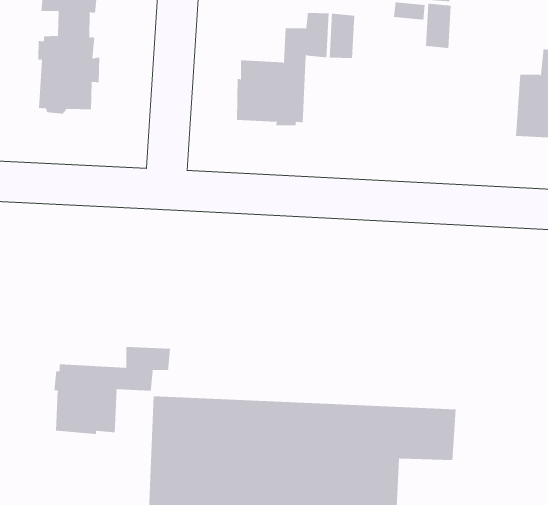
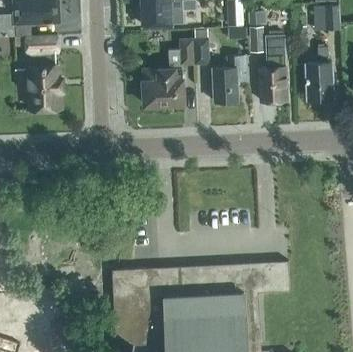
building: none -> [258,35,286,102]
building: none -> [211,56,246,104]
building: [54,346,170,435] -> none

